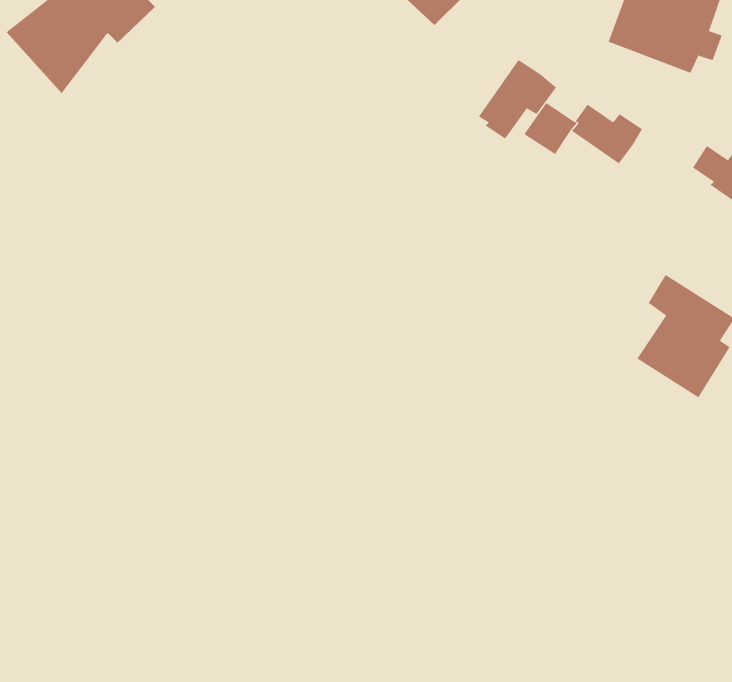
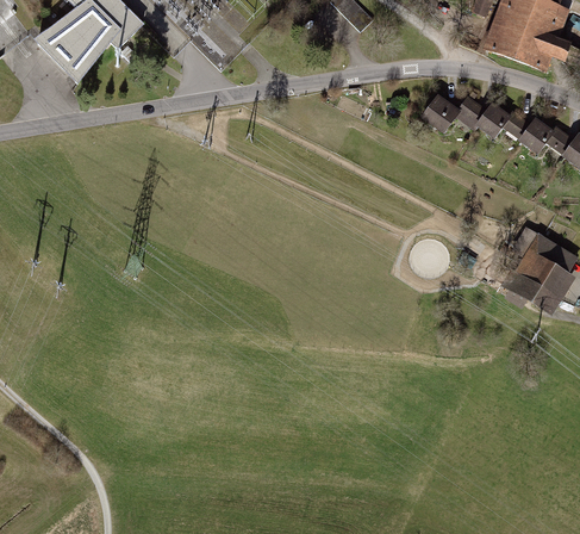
building: [478,59,557,139] -> none
building: none -> [503,107,555,155]

